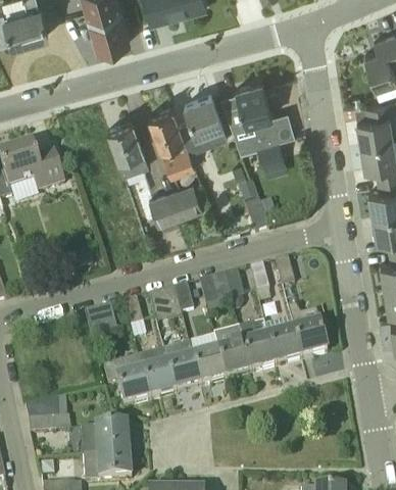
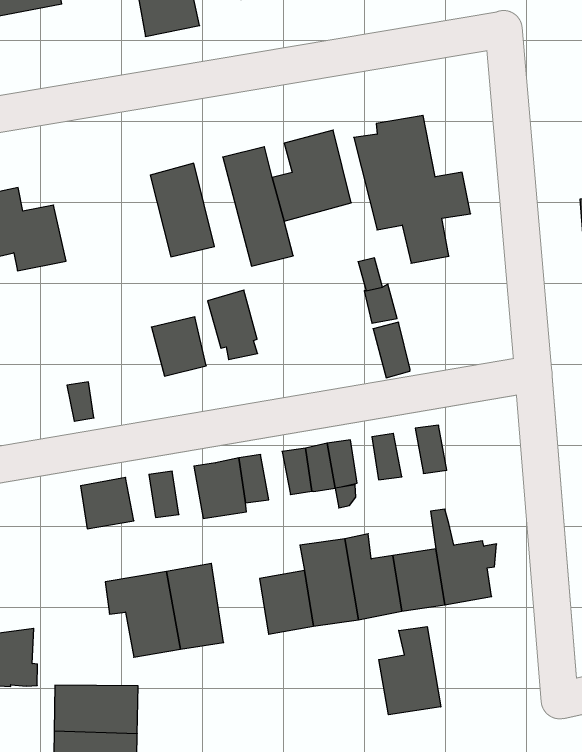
building: [168,181,202,216] -> [151,317,206,376]
building: [164,342,201,393] -> none
building: none -> [379,627,441,715]

